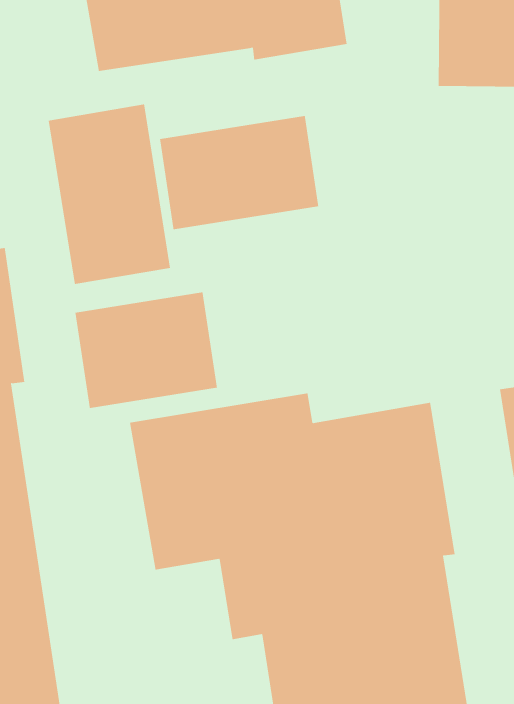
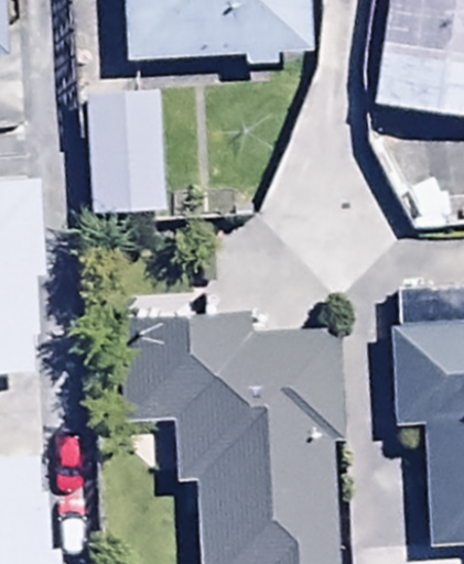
building: [159,115,319,230] -> none
building: [75,292,218,409] -> none

